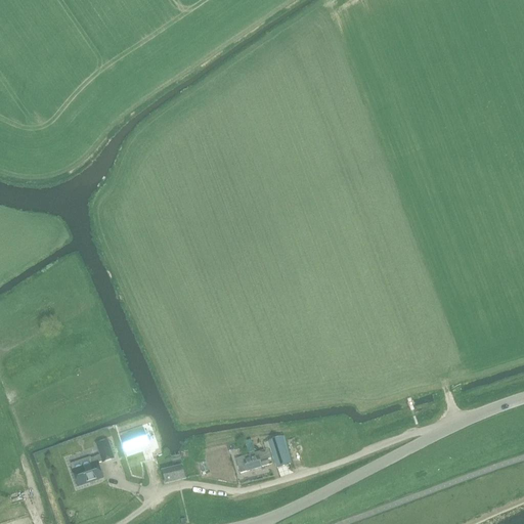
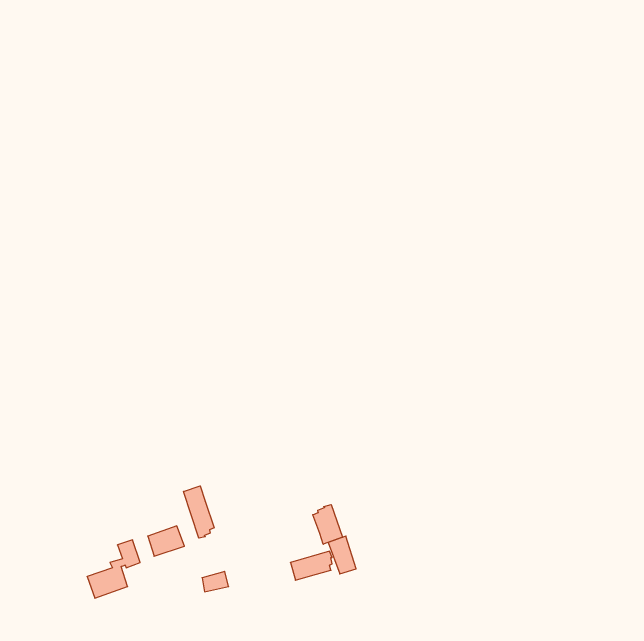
building: none -> [184,486,214,538]
building: none -> [313,505,343,544]

